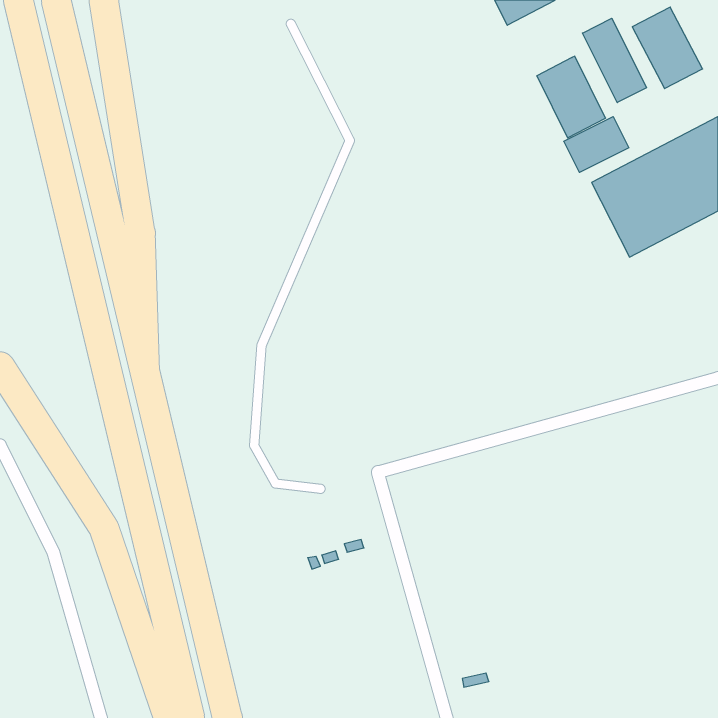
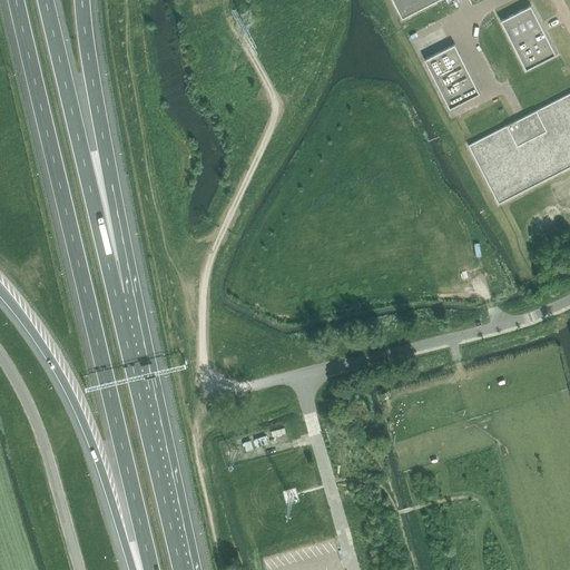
building: [582,18,647,103] -> none
building: [564,117,629,172] -> none

